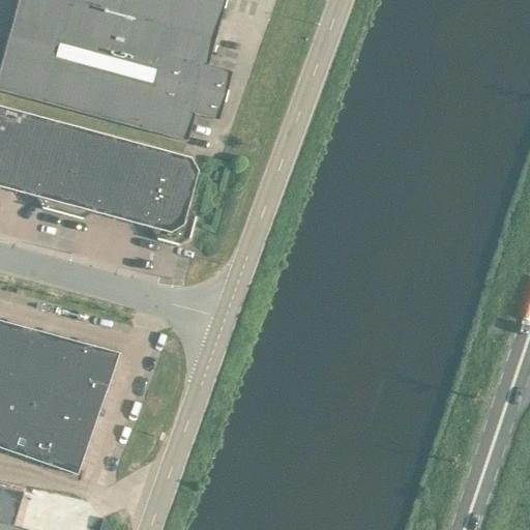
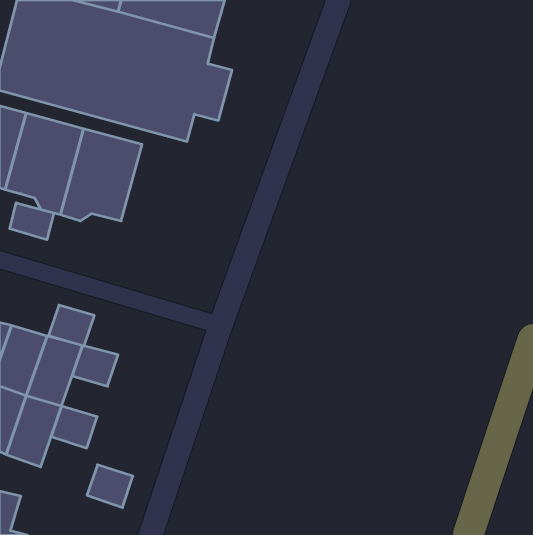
building: [120,143,196,244] -> none
building: none -> [10,203,54,240]
building: [61,372,107,412] -> [48,305,94,346]
building: [40,432,86,474] -> [87,465,133,508]

